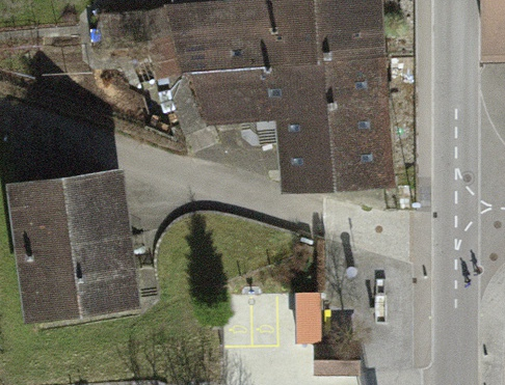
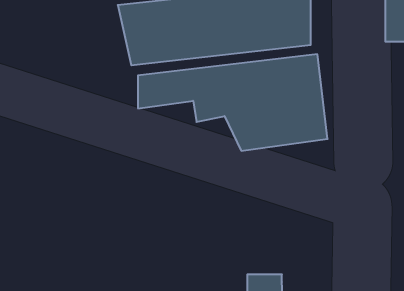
building: [11,170,124,315] -> none

